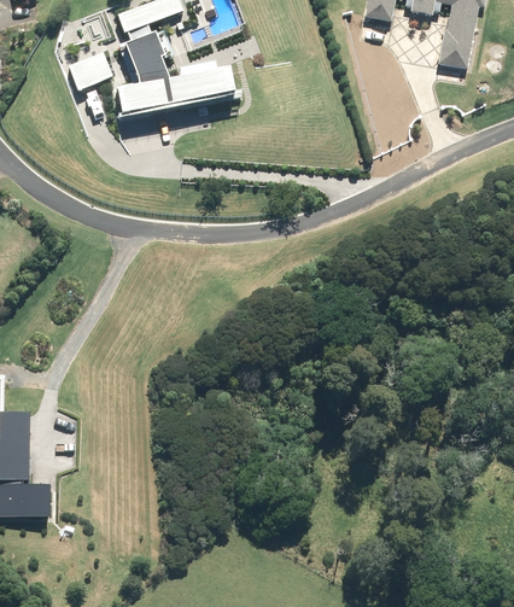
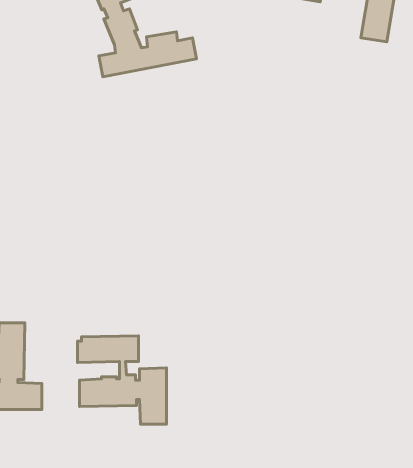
building: [68,52,113,91] -> none
building: none -> [77,336,166,424]

